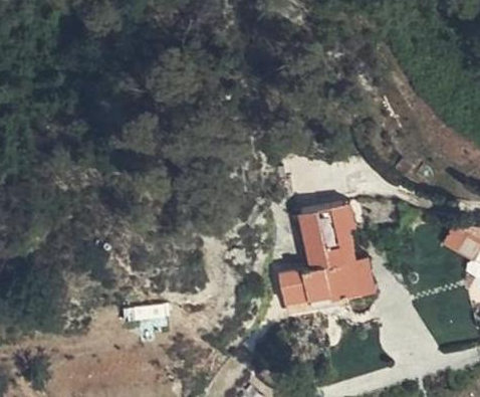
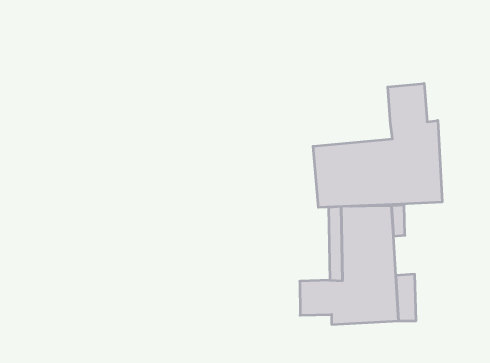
building: none -> [313,83,442,207]

